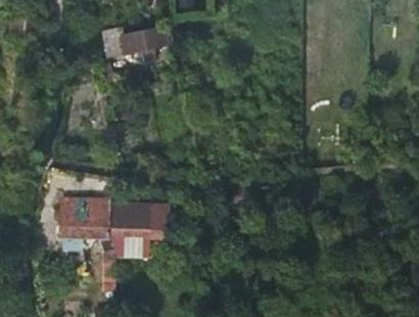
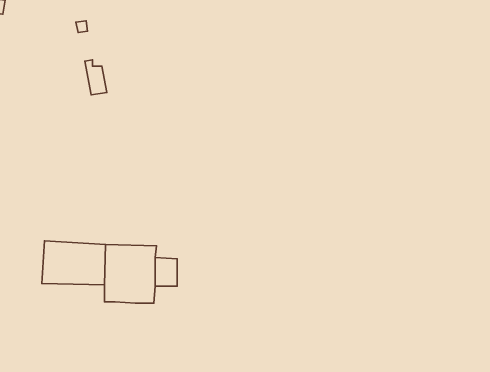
building: [109,28,166,58] -> none

